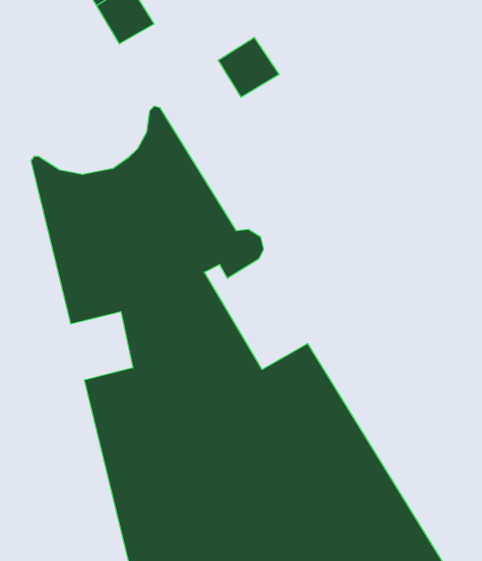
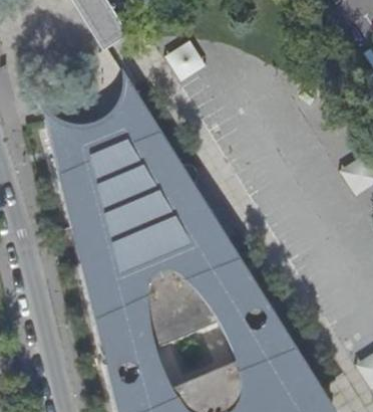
building: none -> [163,190,241,264]
building: none -> [75,226,116,271]

